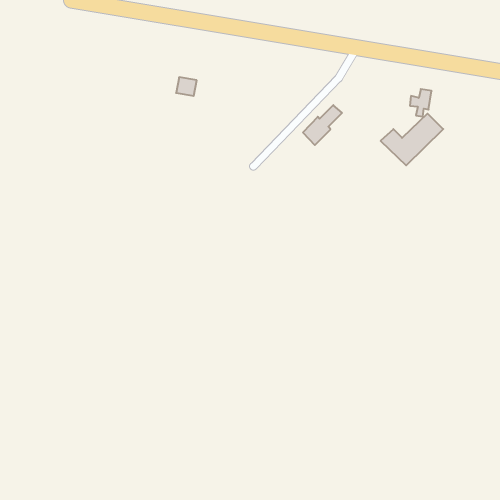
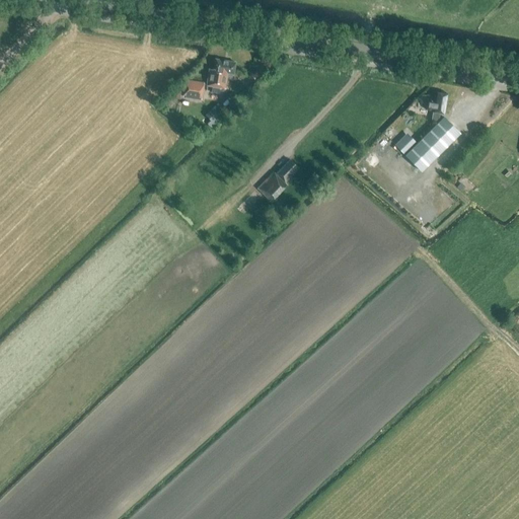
building: none -> [206,59,235,94]
building: [303,105,342,145] -> [257,160,298,202]

